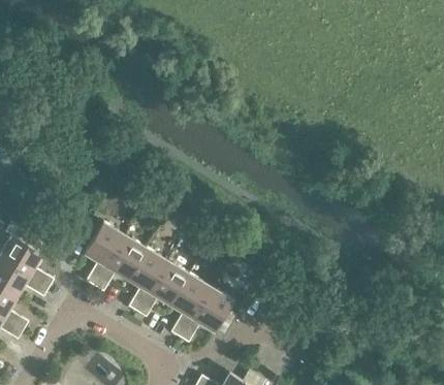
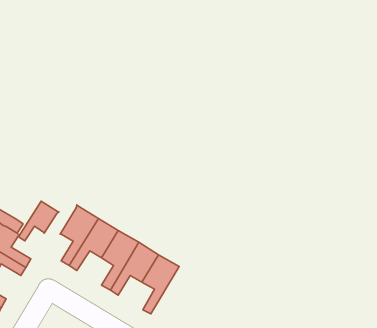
building: none -> [19,201,59,241]
building: [180,287,231,342] -> none

